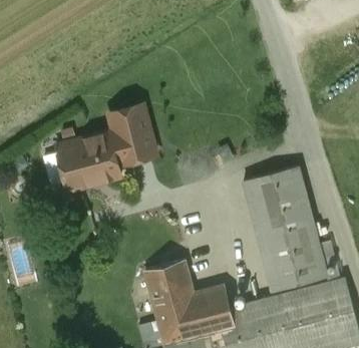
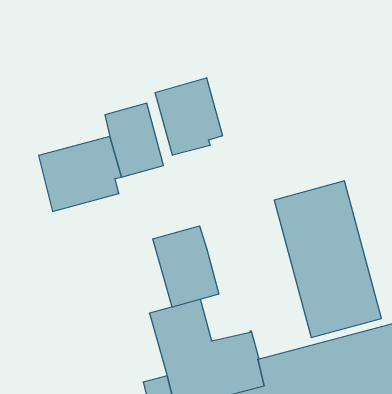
building: none -> [155,78,222,155]
building: none -> [153,226,219,307]

